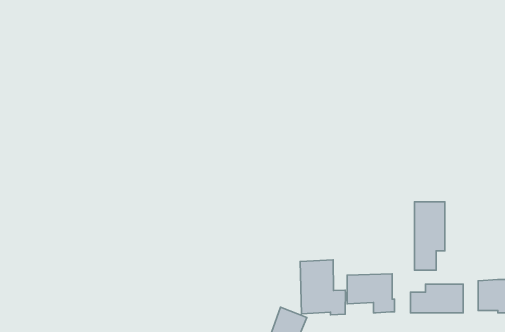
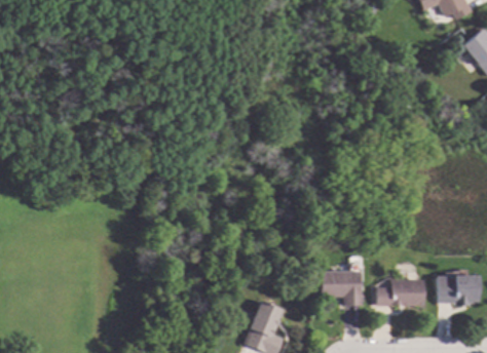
building: [414,202,445,270] -> none
building: [300,260,345,315] -> none

